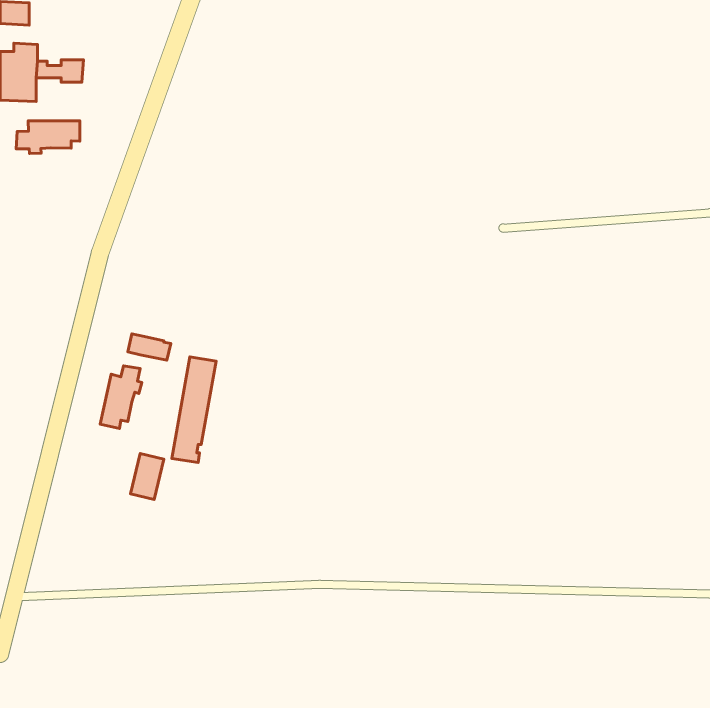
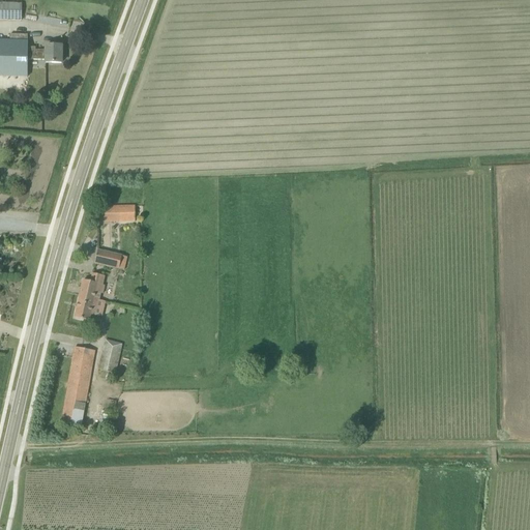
building: [16,121,80,153] -> none
building: none -> [97,204,136,220]
building: [172,357,216,463] -> [61,346,94,424]

